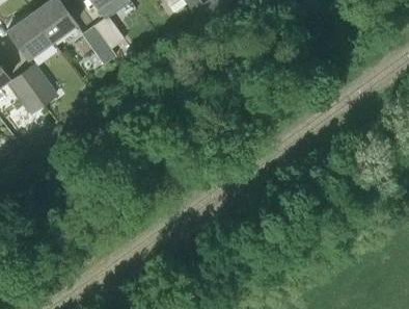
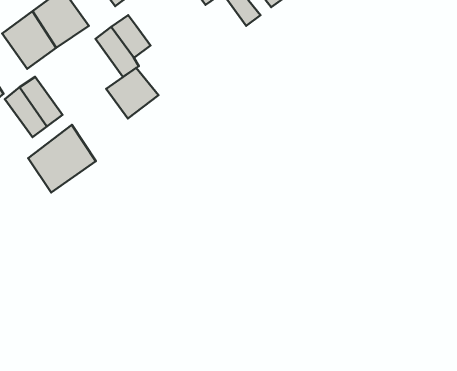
building: none -> [106,68,159,119]
building: none -> [28,125,96,192]

